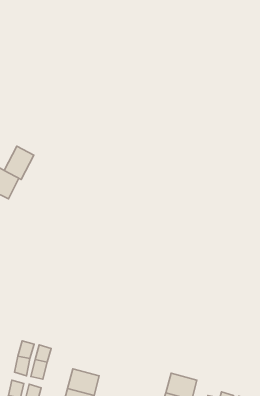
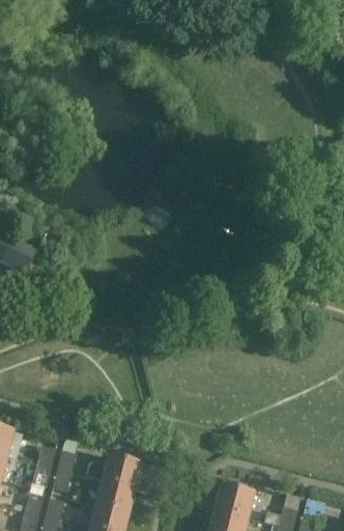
building: [4,146,34,180] -> none
building: none -> [86,456,141,488]

